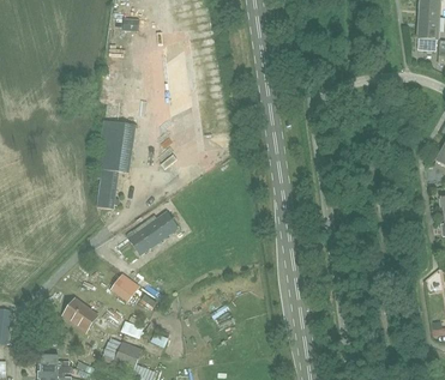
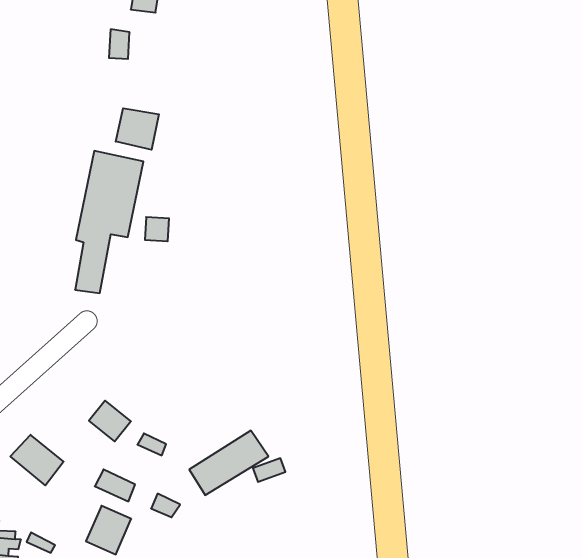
building: none -> [116,108,159,150]
building: [128,211,178,253] -> [189,431,268,495]

